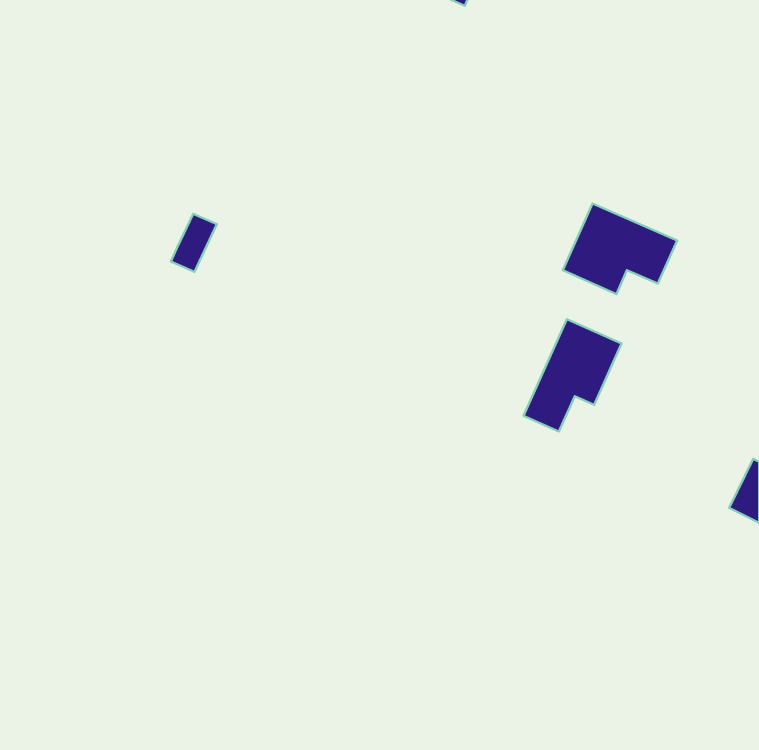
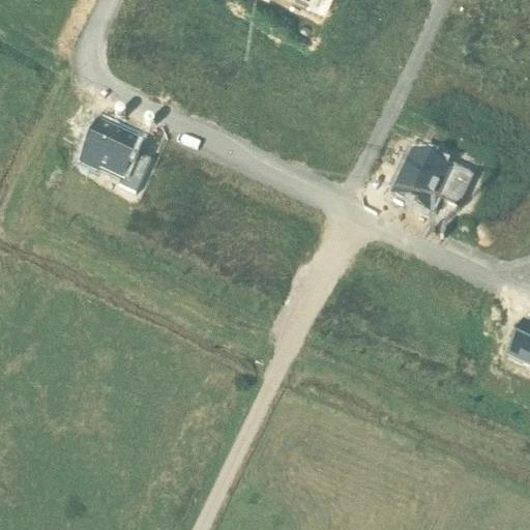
building: none -> [84,123,138,173]
building: [523,319,622,431] -> none

